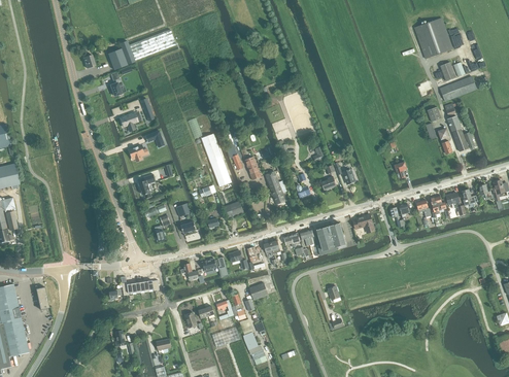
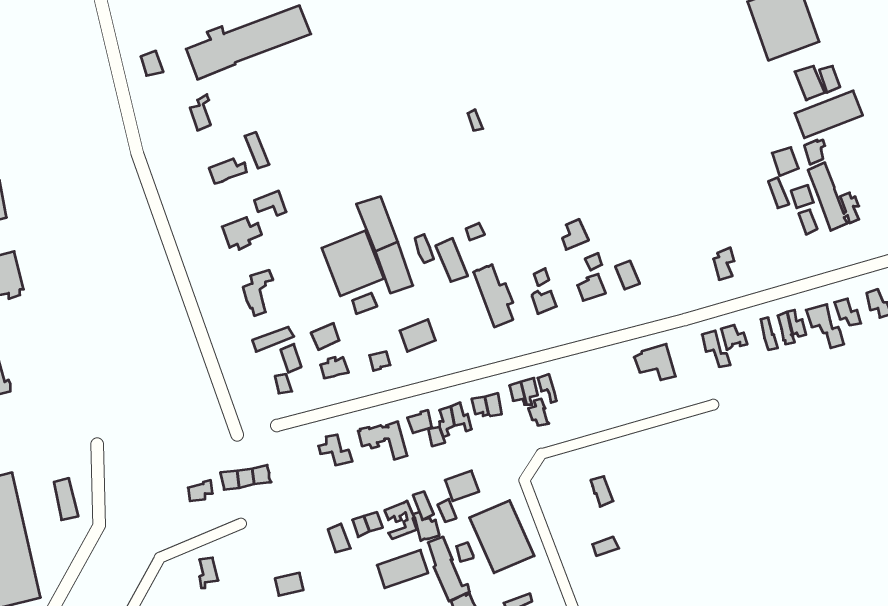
building: none -> [322,231,384,296]
building: [315,222,345,254] -> none
building: none -> [469,500,534,573]

